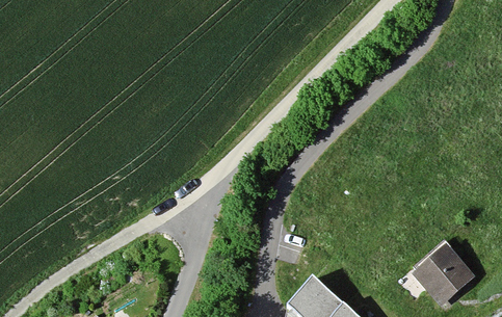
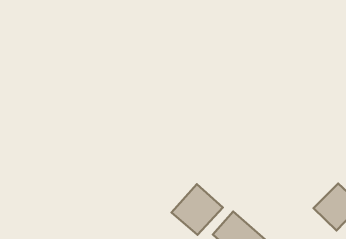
building: none -> [172,184,223,235]

